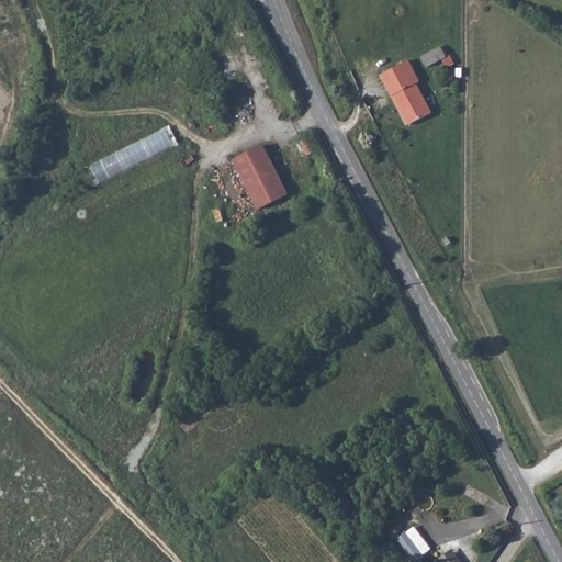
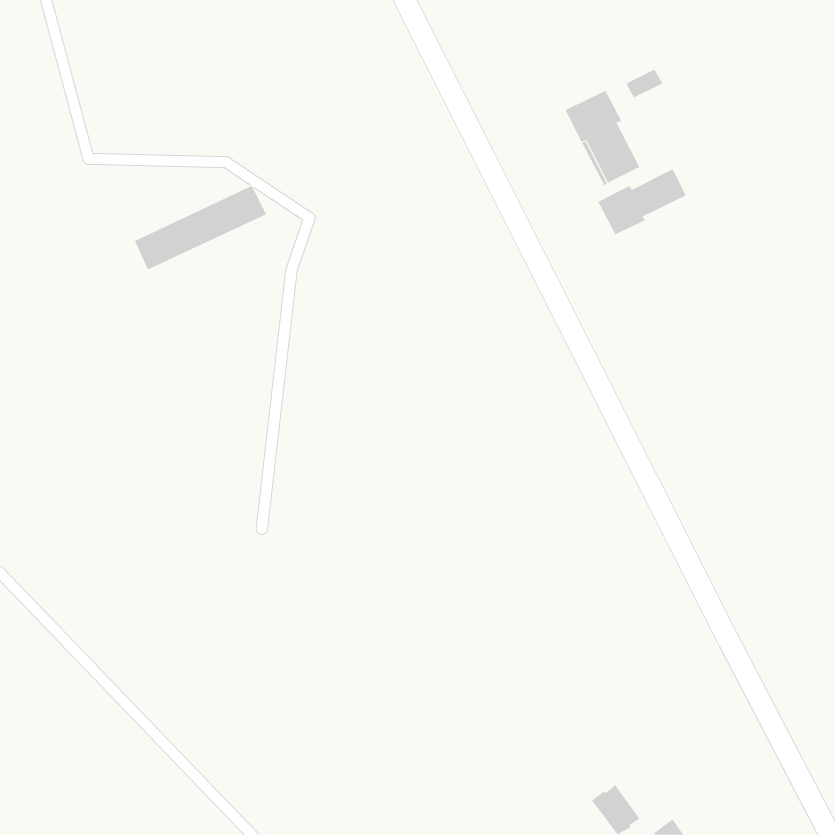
building: none -> [598,169,687,235]
building: [233,146,286,209] -> none

